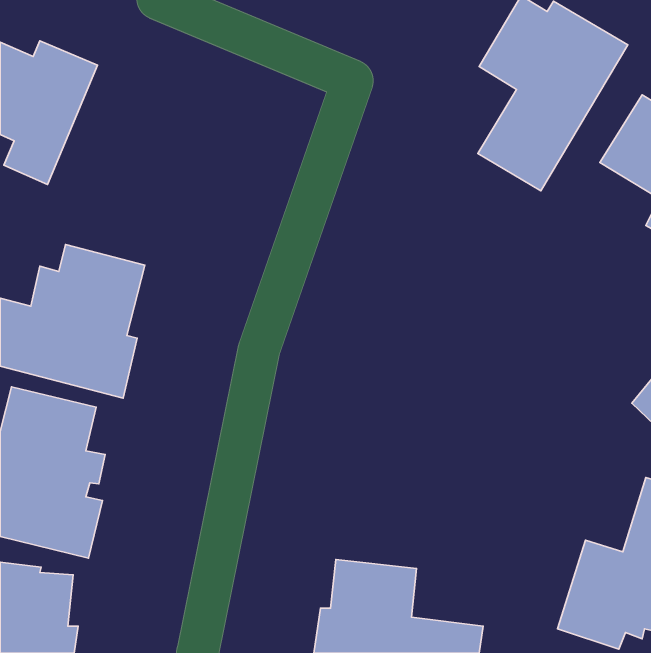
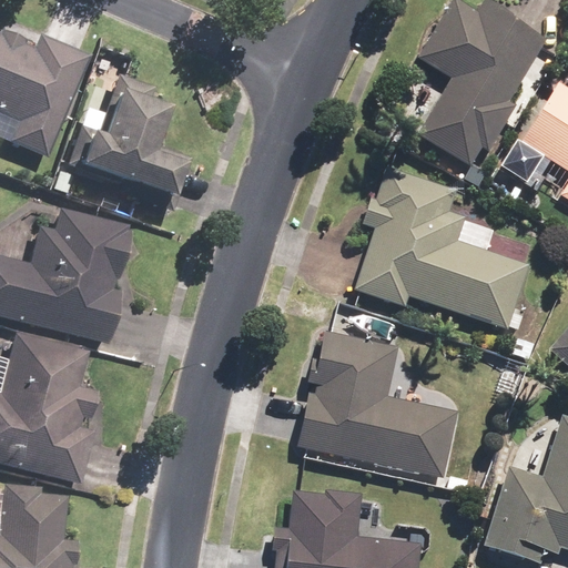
building: none -> [65,75,189,203]
building: none -> [352,171,529,328]
building: none -> [297,329,459,478]

